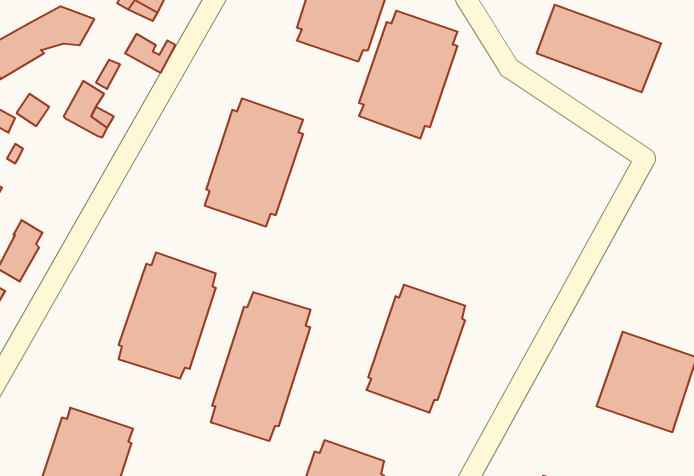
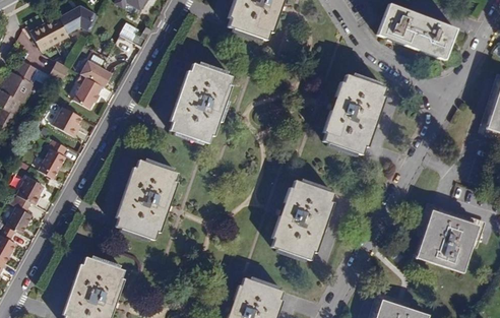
building: [359,11,458,139] -> [322,74,384,154]
building: none -> [74,75,102,108]
building: none -> [52,106,82,136]
building: [211,292,310,441] -> none

